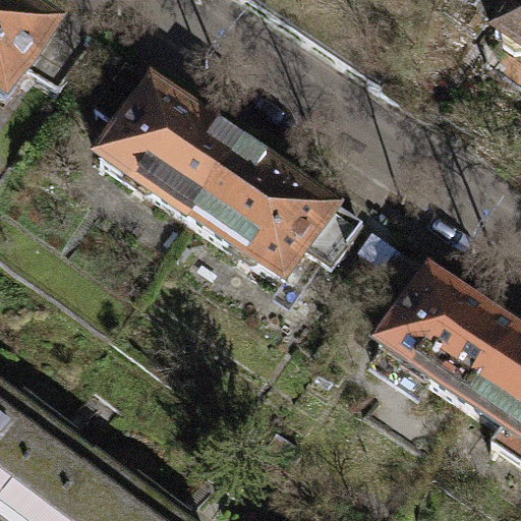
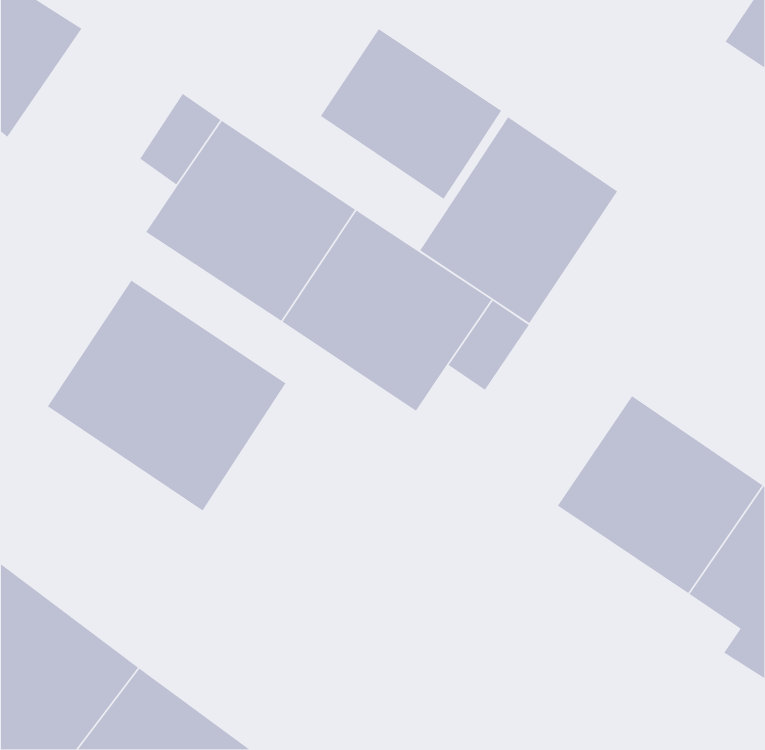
building: none -> [320,28,502,200]
building: none -> [419,116,618,324]
building: none -> [47,279,287,512]

